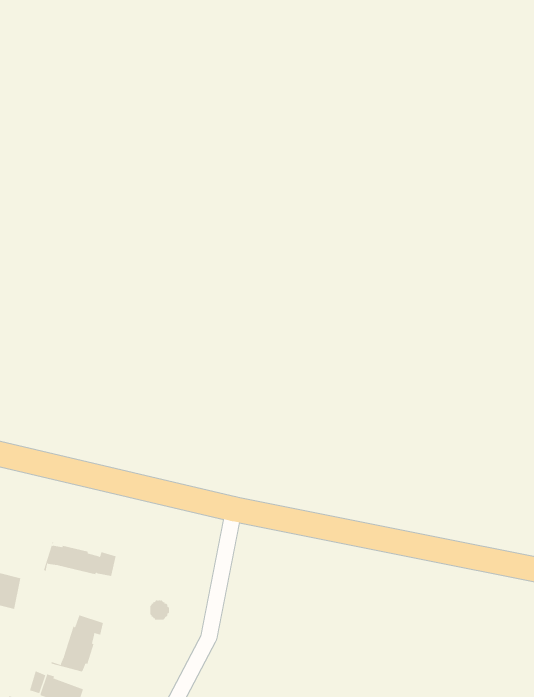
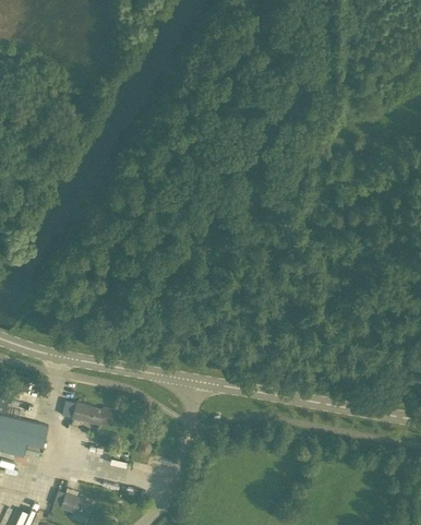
building: [51,614,103,674] -> none

